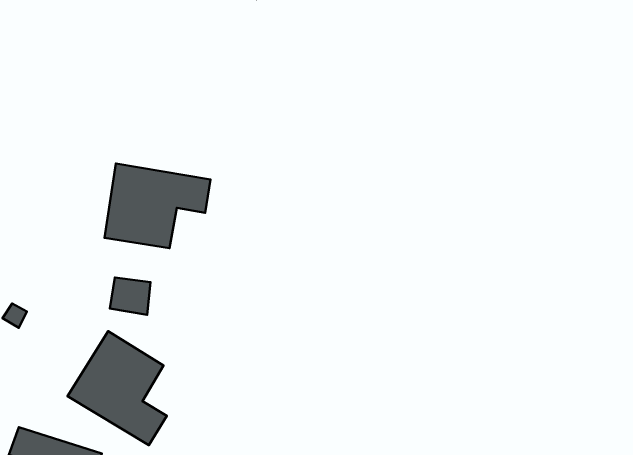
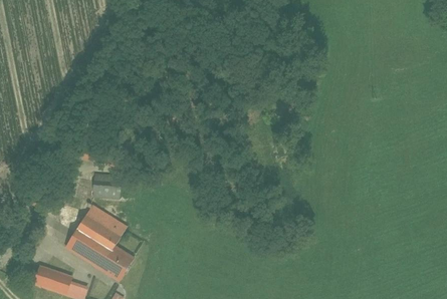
building: [104,163,211,248] -> none

